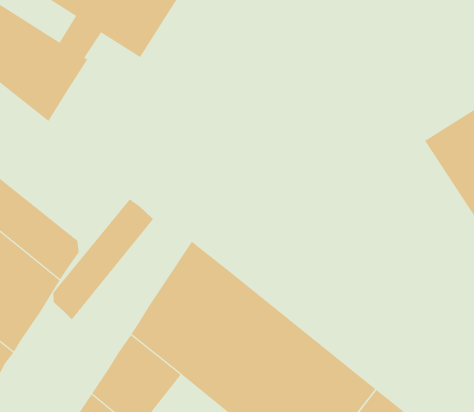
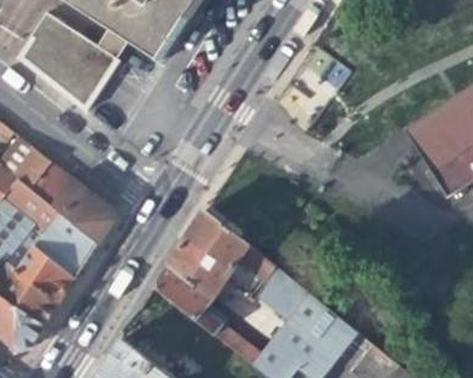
building: [53,198,154,320] -> none

